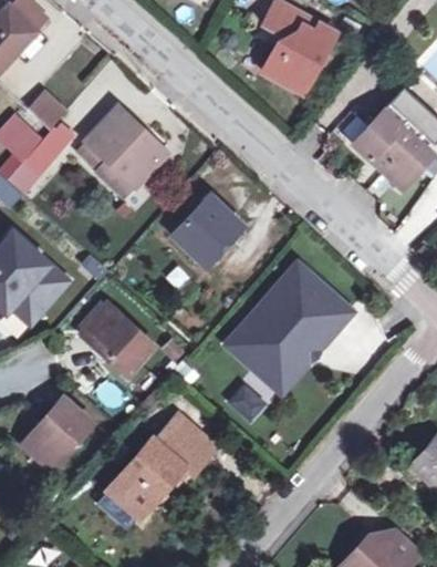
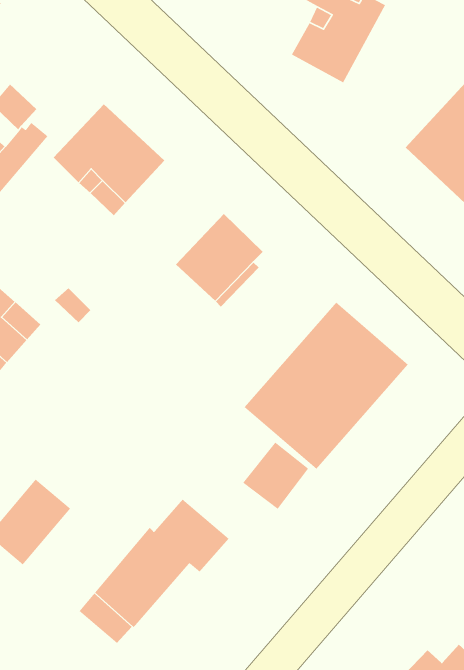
building: [82,303,152,371] -> none

